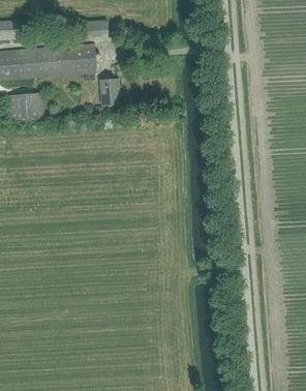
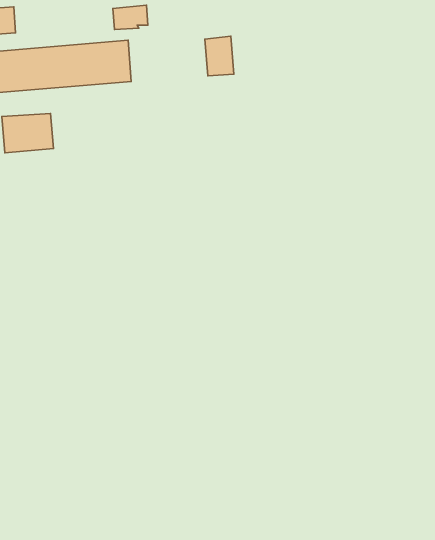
building: [99,78,119,104] -> [205,36,234,76]

